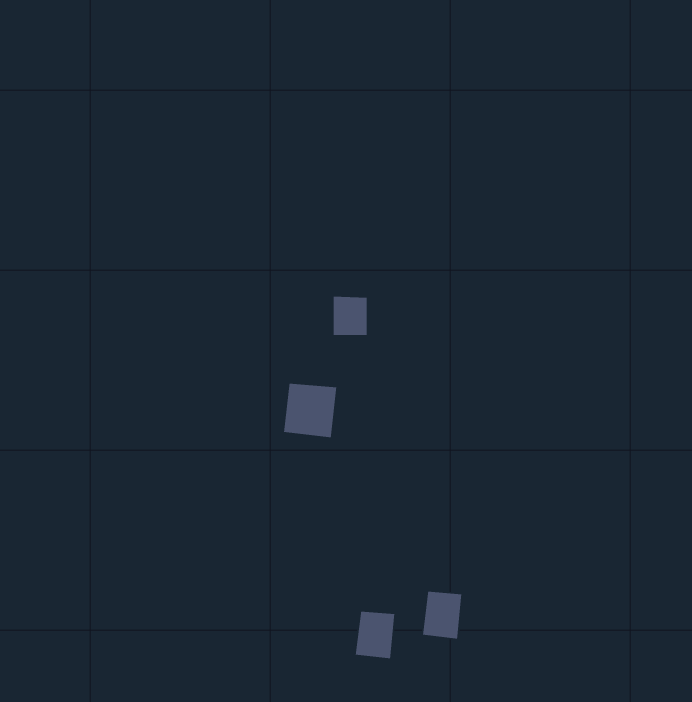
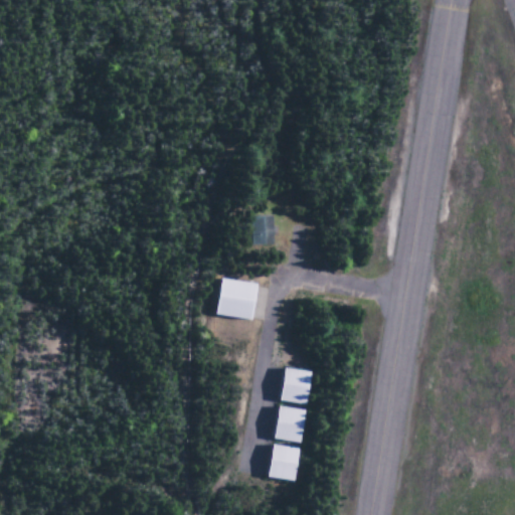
building: none -> [281,367,311,404]
building: [422,591,462,639] -> [275,406,304,442]

